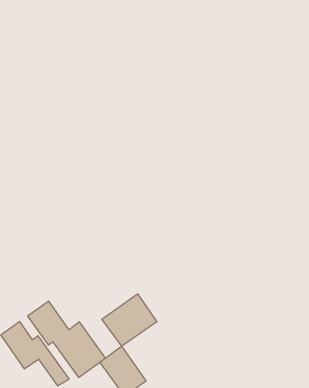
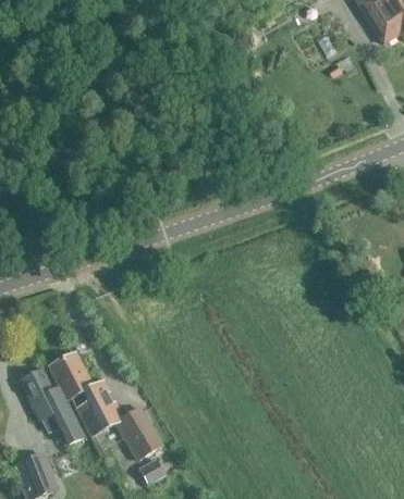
building: [102,294,157,346] -> none

